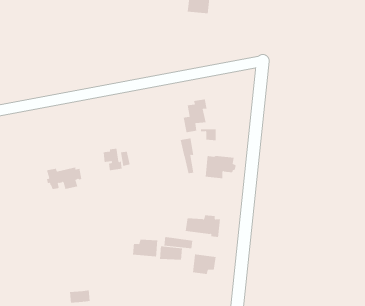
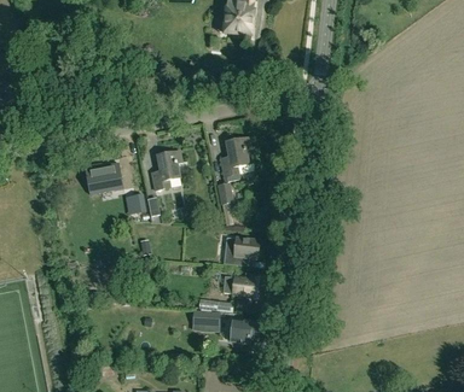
building: none -> [151,151,180,191]
building: [205,155,237,179] -> [224,239,261,267]
building: [46,167,82,190] -> [83,165,126,192]
building: [132,239,158,257] -> none

